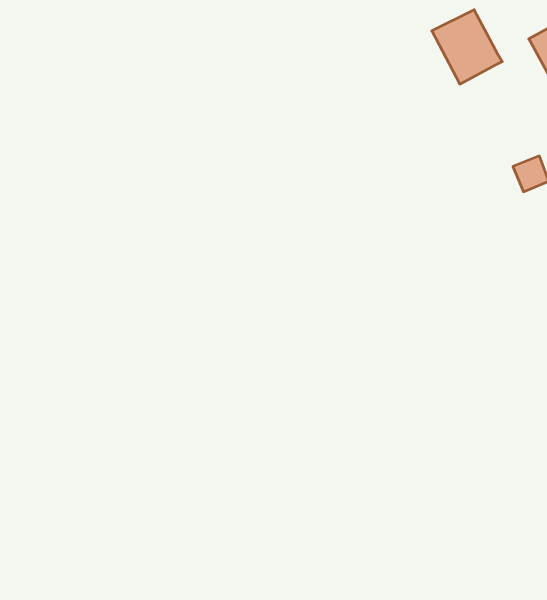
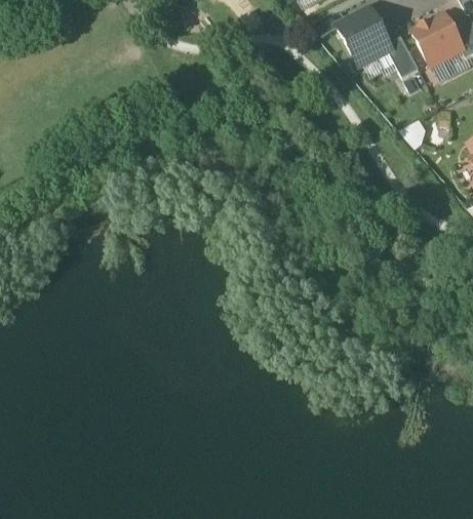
building: none -> [388,37,419,78]

